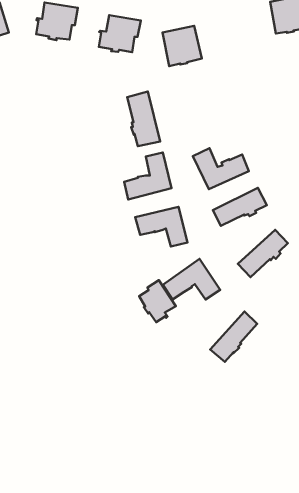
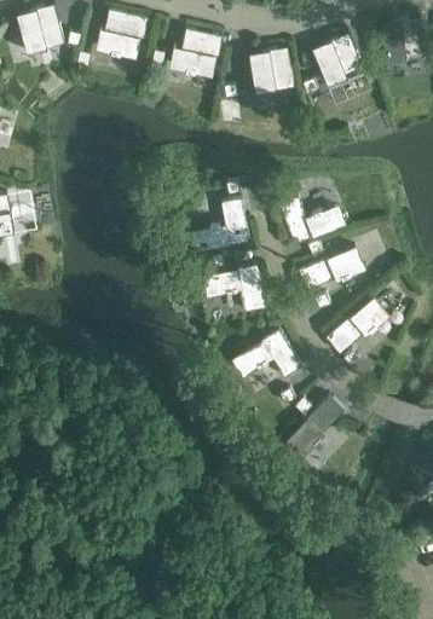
building: none -> [312,33,364,86]
building: [127,91,160,146] -> none
building: [139,280,176,322] -> none

